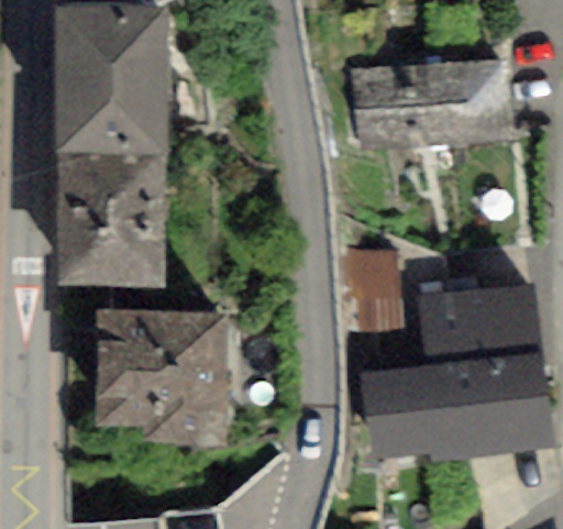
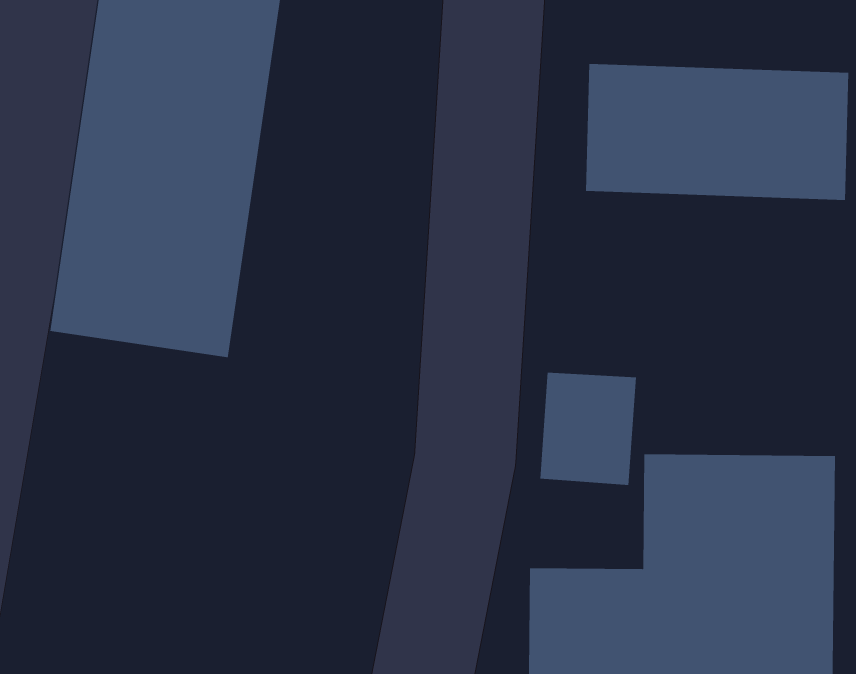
building: [95,307,223,430] -> none

